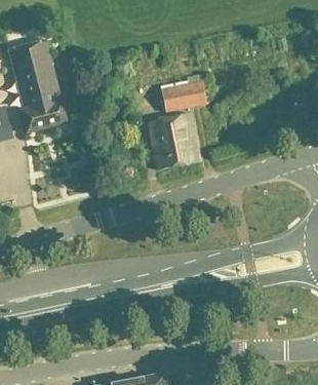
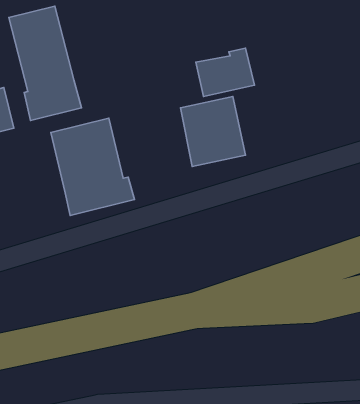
building: none -> [51,118,135,216]

